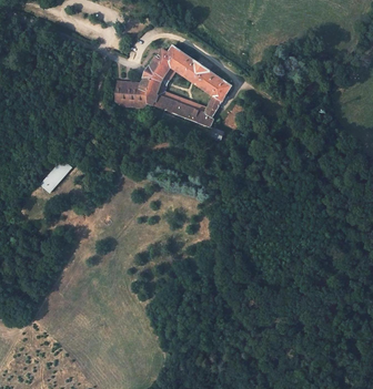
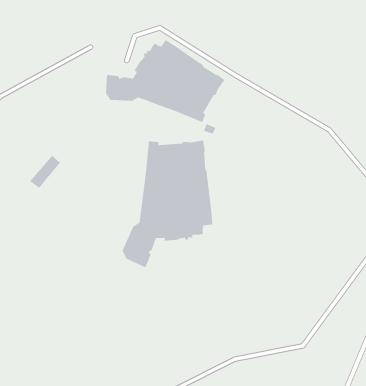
building: none -> [121,140,213,268]

